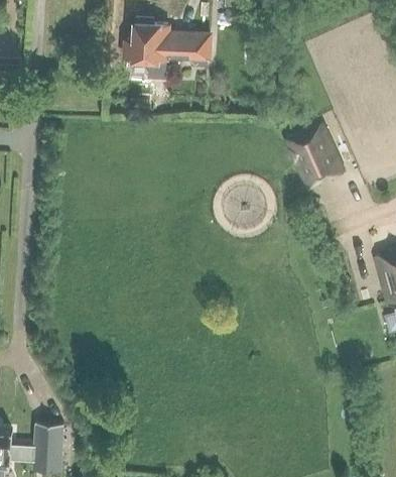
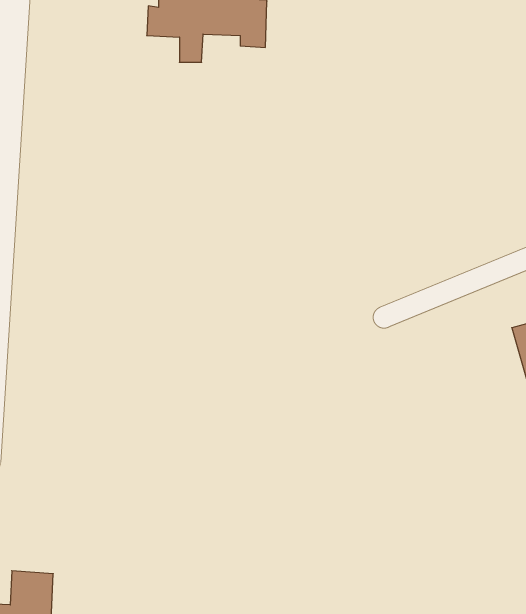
building: [285,124,344,188] -> none

